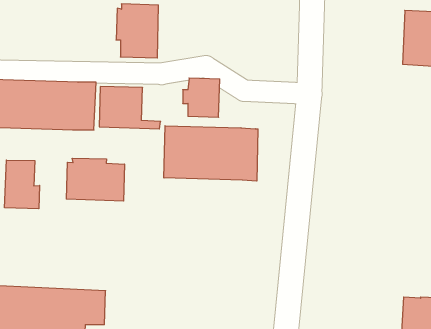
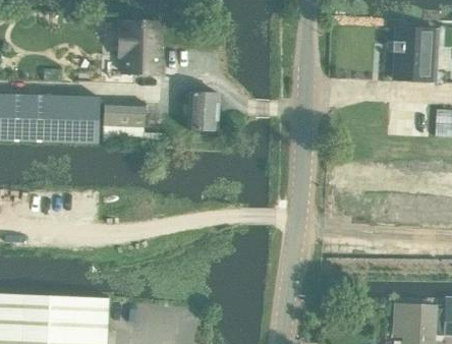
building: [164,126,258,181] -> none
building: [66,158,124,201] -> none
building: [5,160,40,209] -> none

